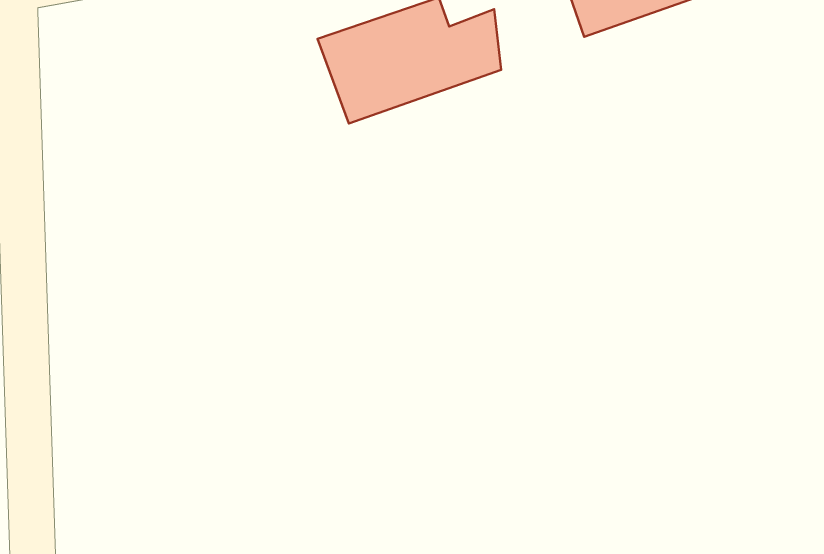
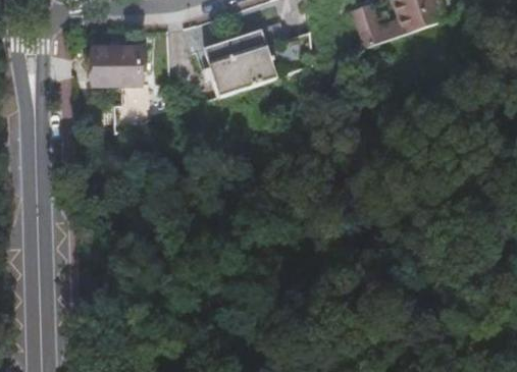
building: none -> [95,49,143,87]

